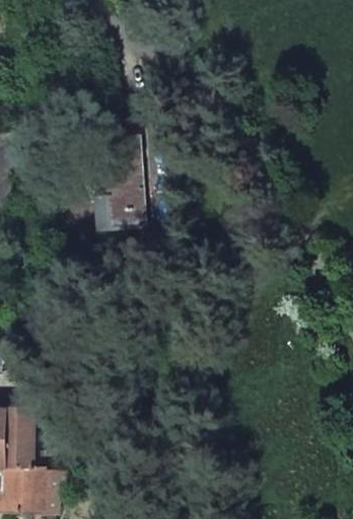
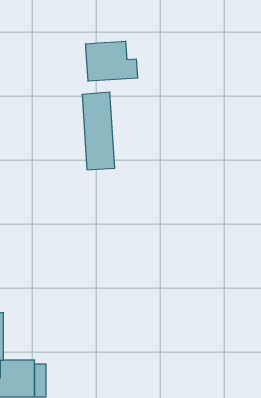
building: none -> [86,41,138,81]
building: [6,409,31,467] -> none

